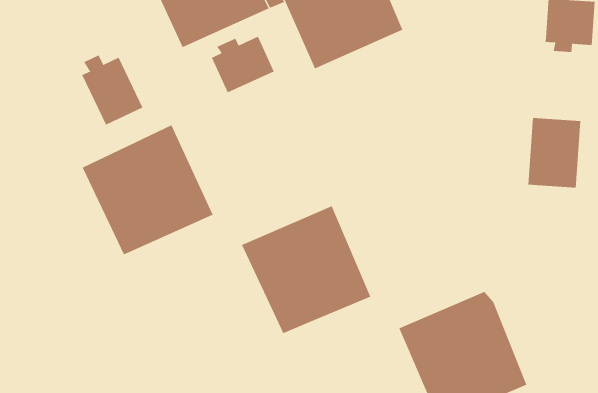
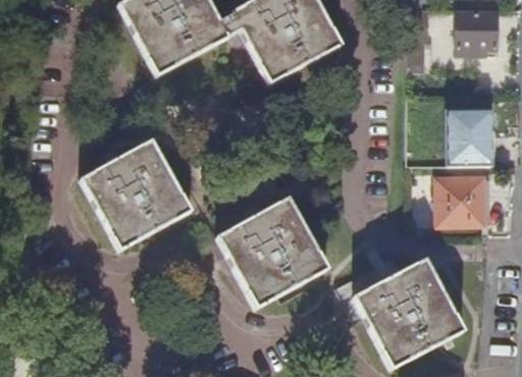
building: [211,36,274,93] -> none
building: [82,54,143,126] -> none
building: none -> [438,179,485,225]

